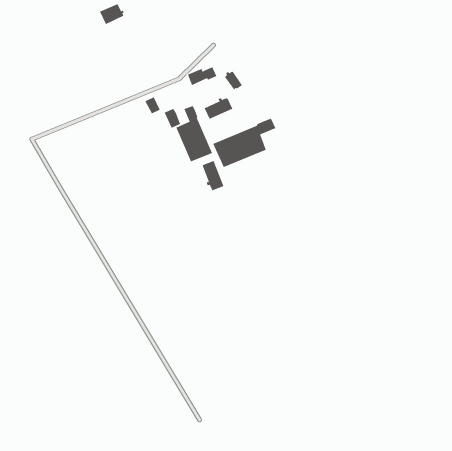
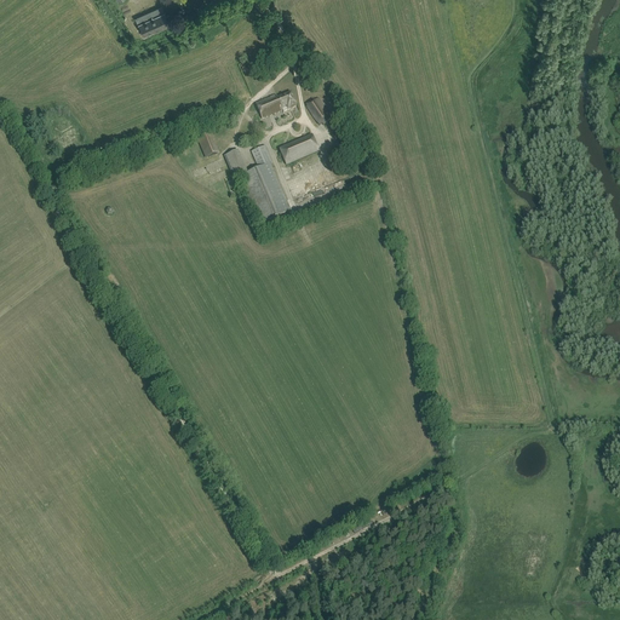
building: [213,118,276,168] -> none
building: [202,160,224,191] -> none

